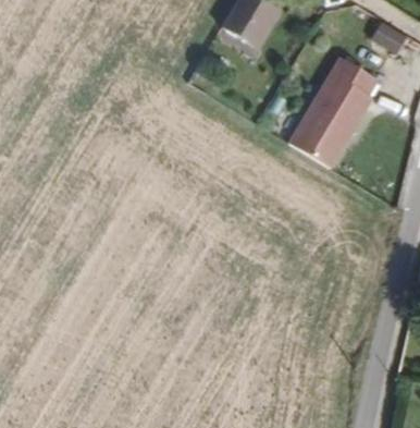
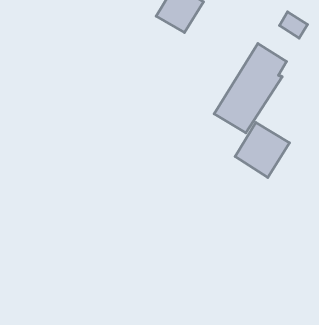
building: none -> [235,122,289,178]

